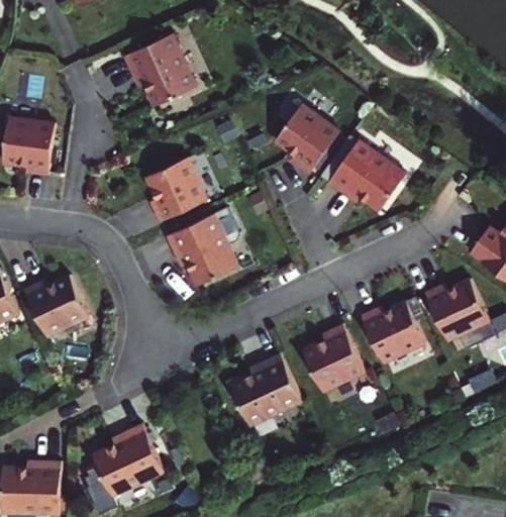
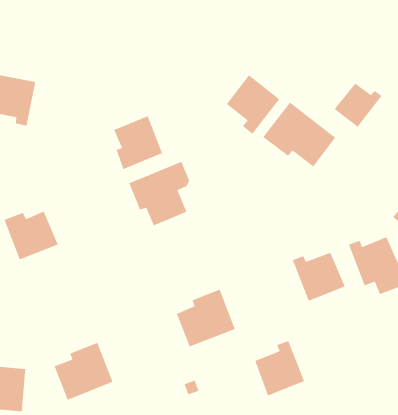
building: [129,33,204,108] -> none
building: none -> [334,83,382,128]
building: [303,324,364,391] -> [254,340,305,396]

